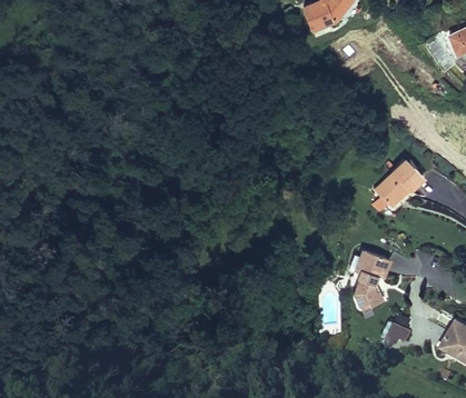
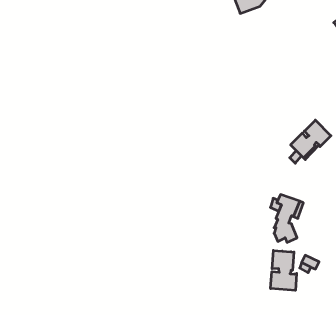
building: none -> [271,250,297,290]

